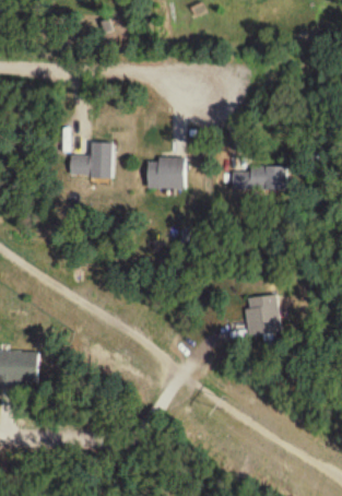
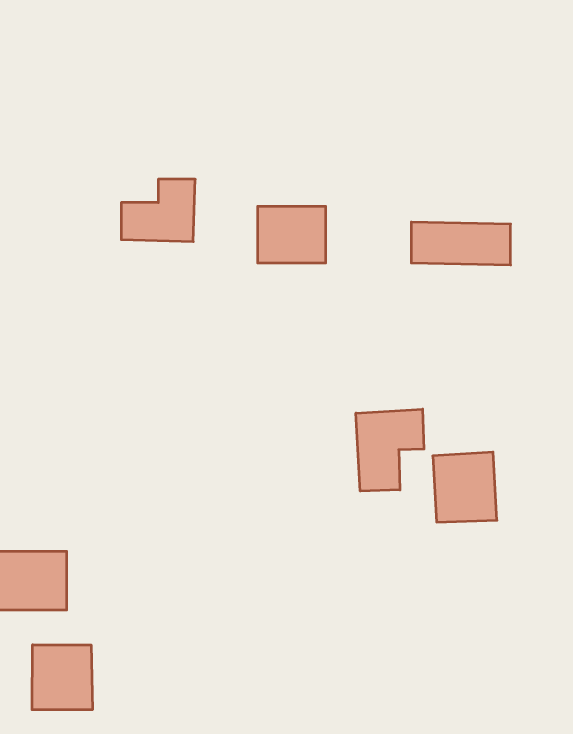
building: none -> [356,409,424,491]
building: none -> [32,645,92,710]

